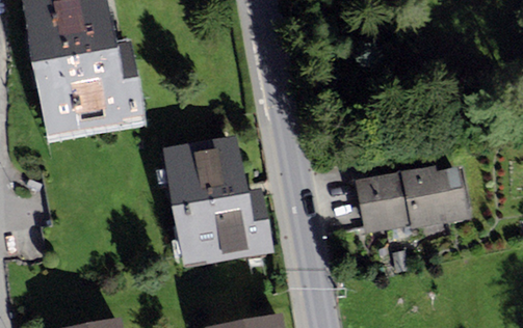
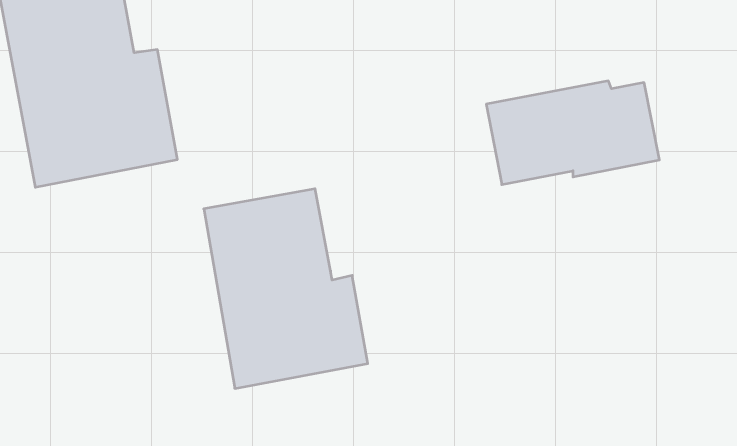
building: [354,164,470,234] -> [486,81,659,185]

